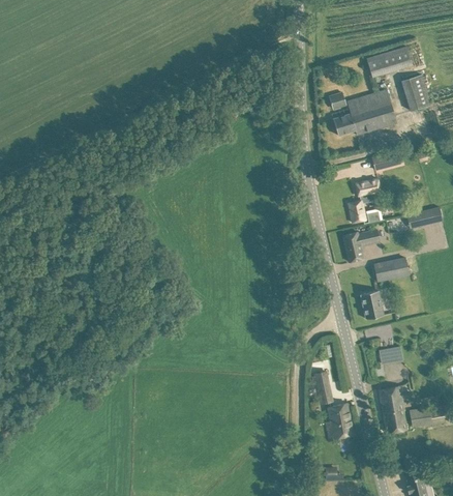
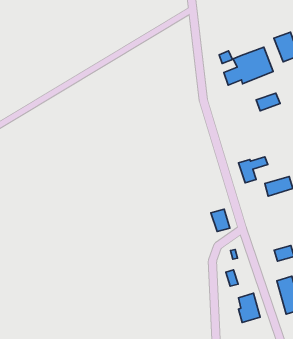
building: [363,46,411,77] -> none
building: [348,177,381,223] -> none
building: [360,290,383,318] -> [211,209,230,232]

